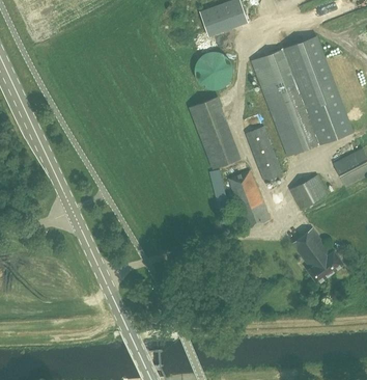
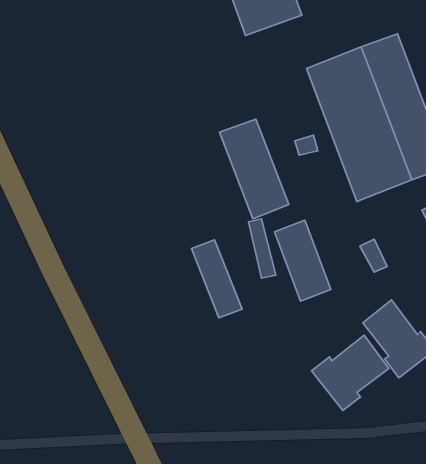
building: [194,51,232,89] -> none
building: [247,127,283,183] -> [191,240,242,318]
building: [301,175,328,203] -> none
building: none -> [312,335,389,411]

